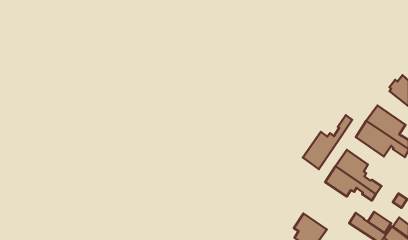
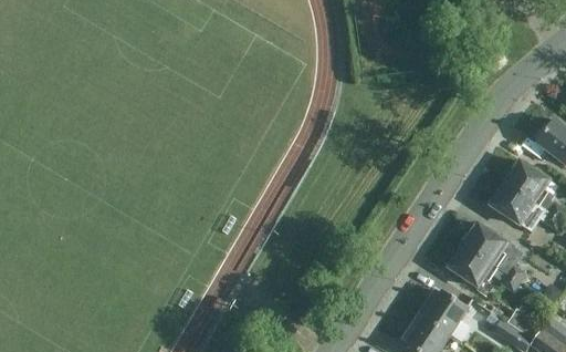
building: [303,115,352,169] -> none
building: none -> [419,292,468,333]

